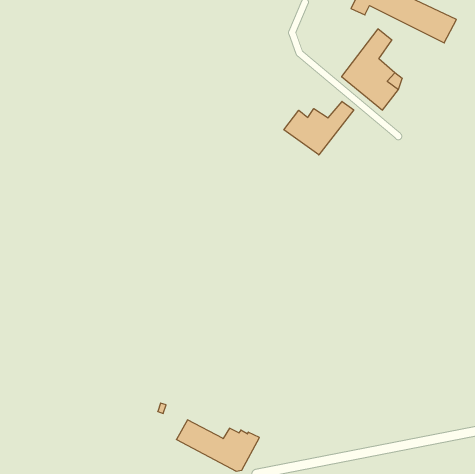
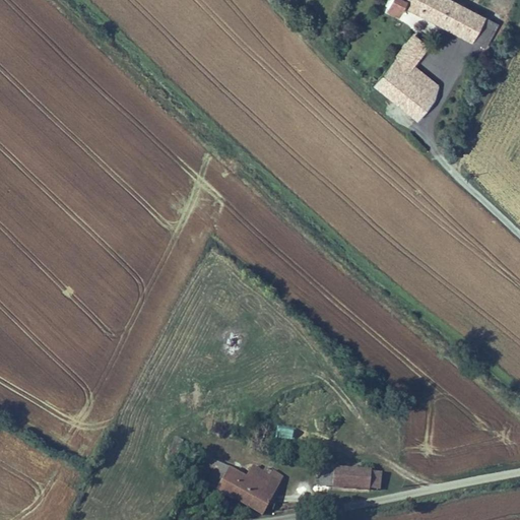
building: [284,101,354,155] -> none
building: none -> [320,468,382,491]

